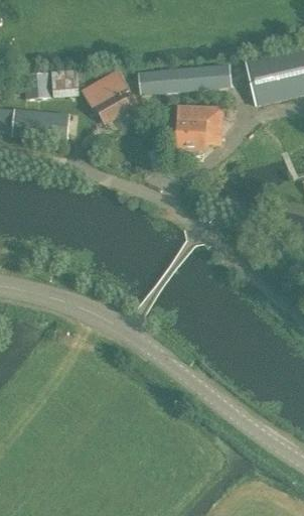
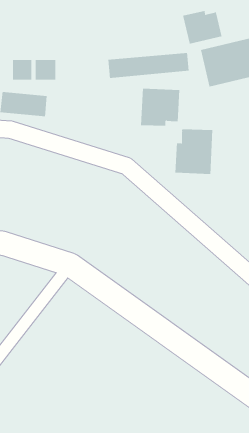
building: none -> [182,10,222,45]
building: [82,71,138,121] -> none
building: none -> [175,128,213,175]

